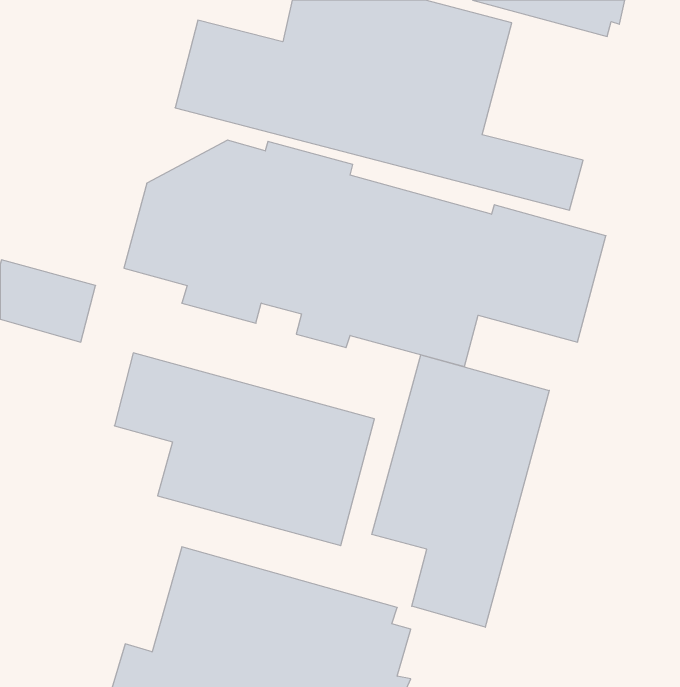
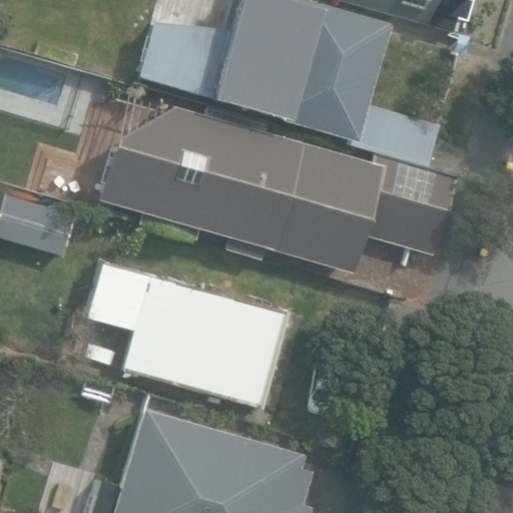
building: [372,355,549,627] -> none

